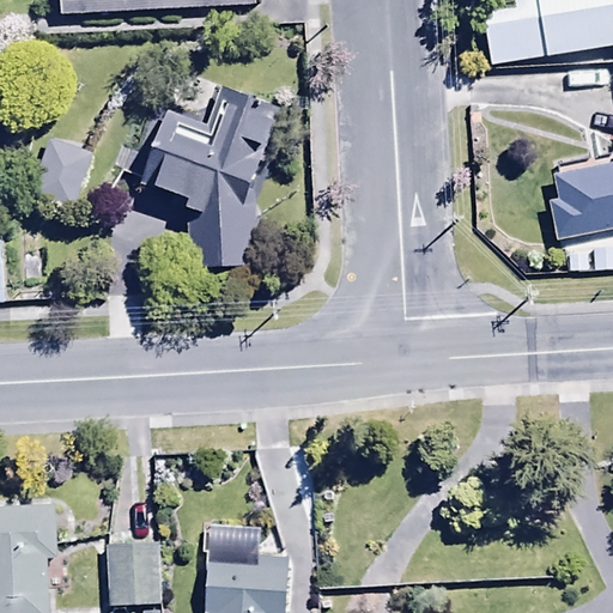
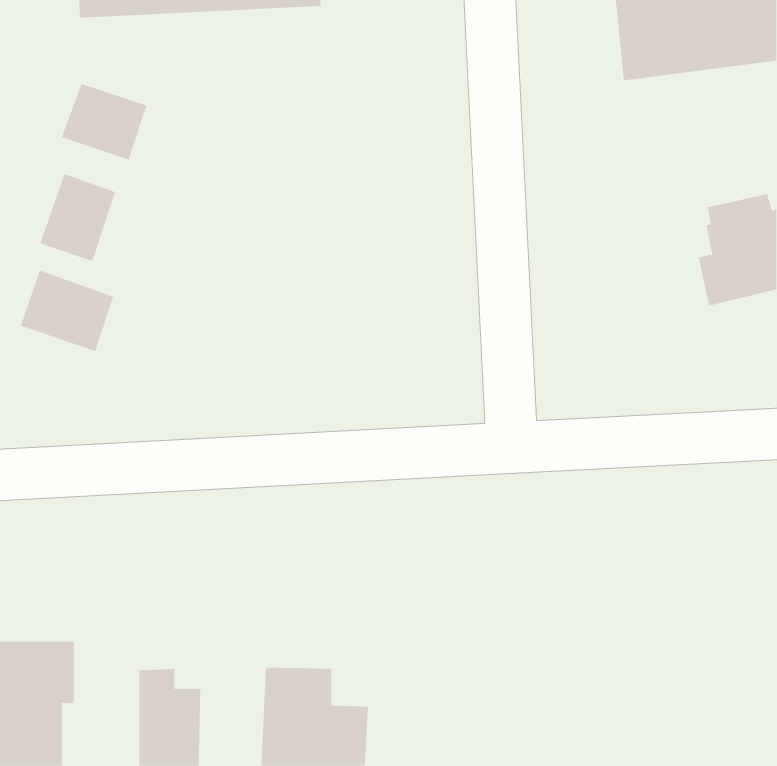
building: none -> [61,83,147,161]
building: [138,87,283,271] -> none
building: none -> [20,270,114,352]

